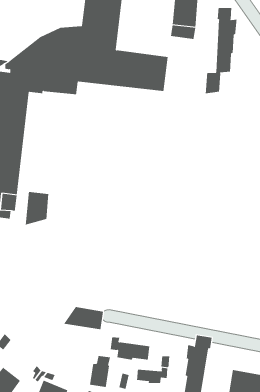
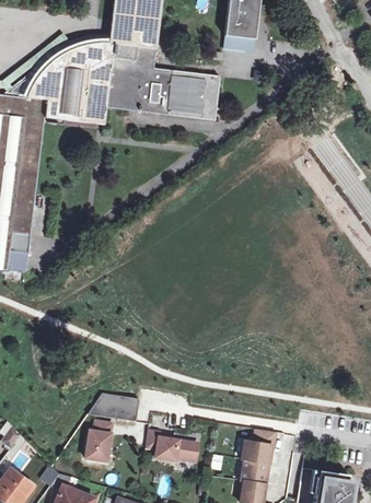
building: [205,7,237,94] -> none
building: [25,191,49,225] -> none
building: [89,356,111,388] -> [84,421,112,461]
building: [136,367,168,384] -> none

